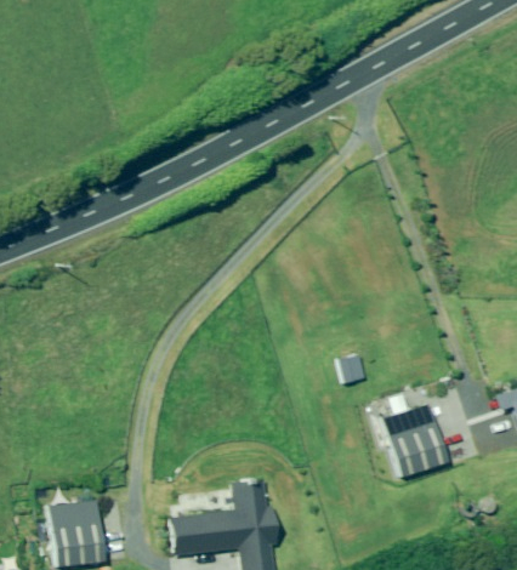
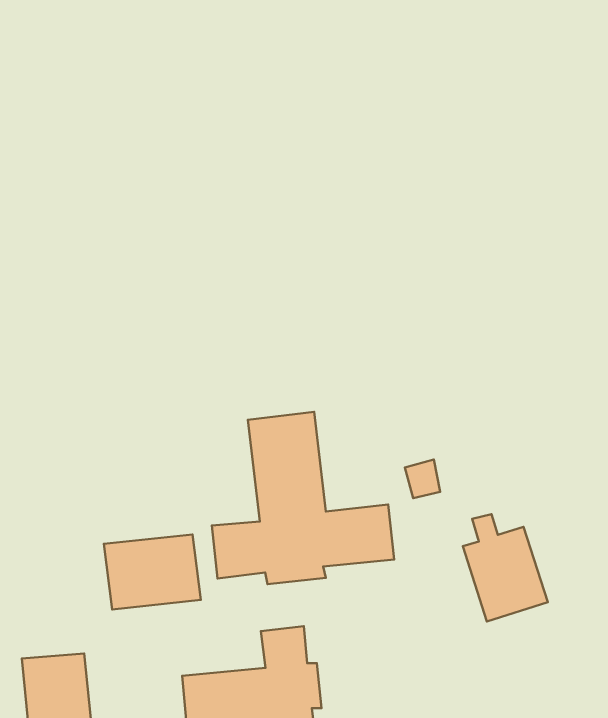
building: none -> [212,412,394,584]
building: none -> [104,535,201,609]

